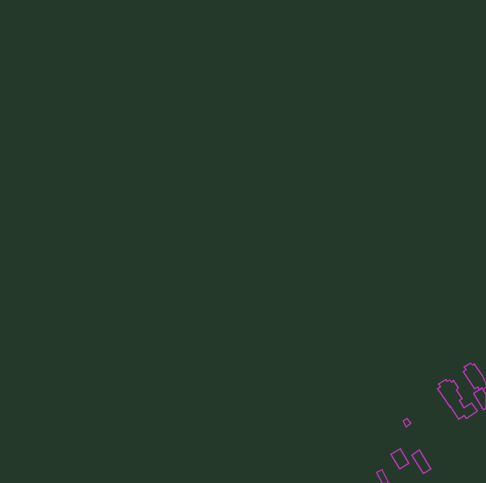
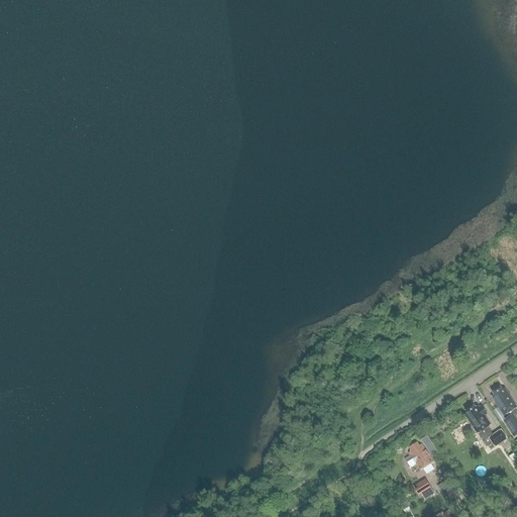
building: none -> [405,441,433,469]

